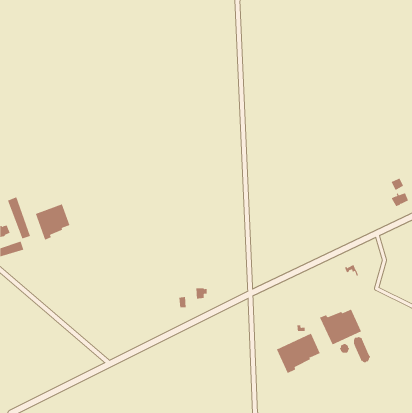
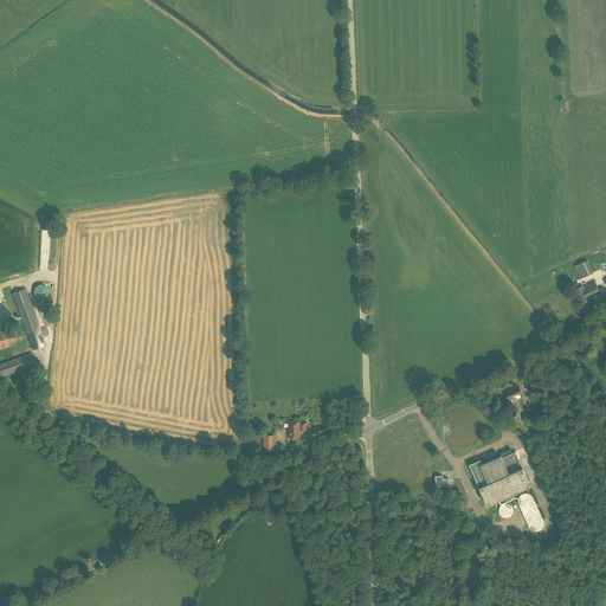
building: [35,203,70,240] -> none
building: [276,333,320,374] -> none

